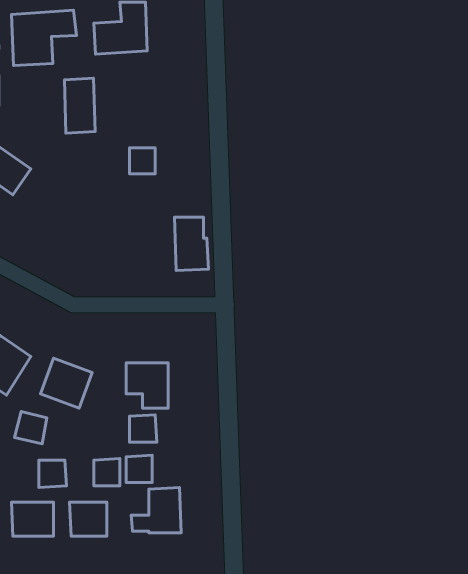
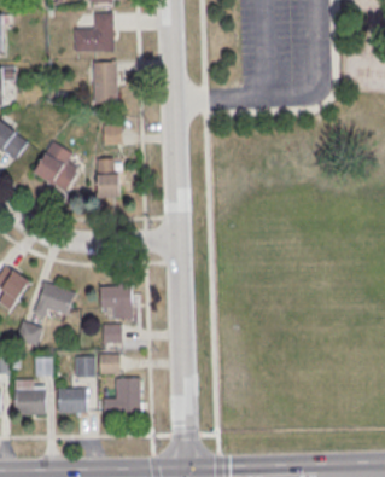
building: [11,10,76,66] -> none
building: [64,78,95,133] -> [94,64,117,105]
building: none -> [33,141,78,191]
building: [174,217,208,271] -> [97,161,122,200]

